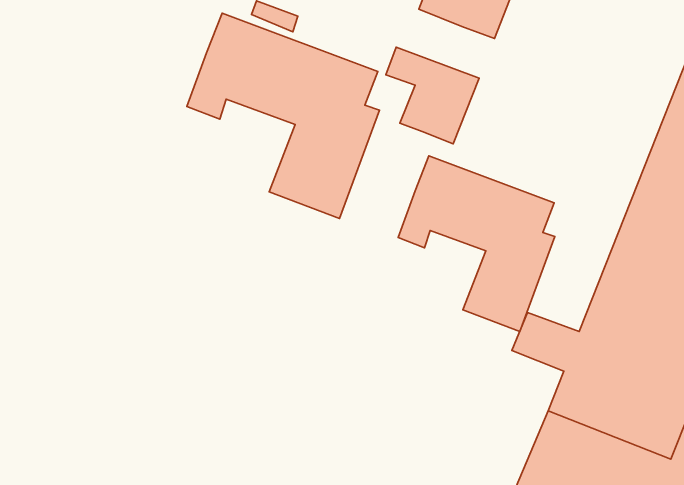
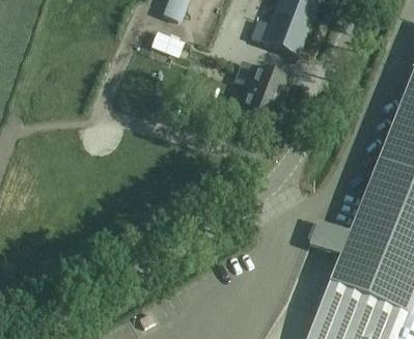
building: [187,13,380,219] -> none
building: [398,156,555,331] -> none

